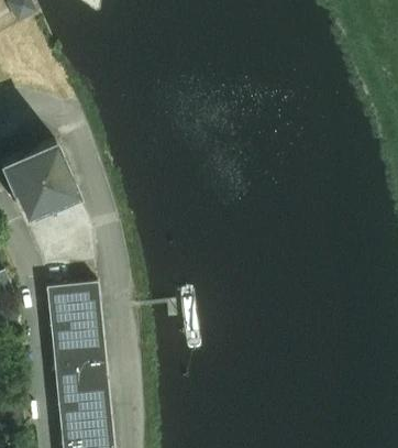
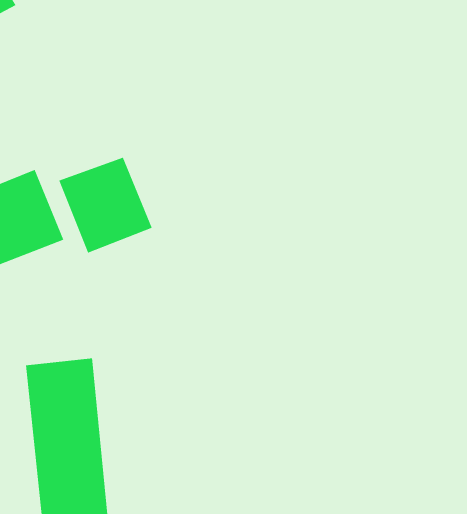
building: none -> [58,157,152,253]

